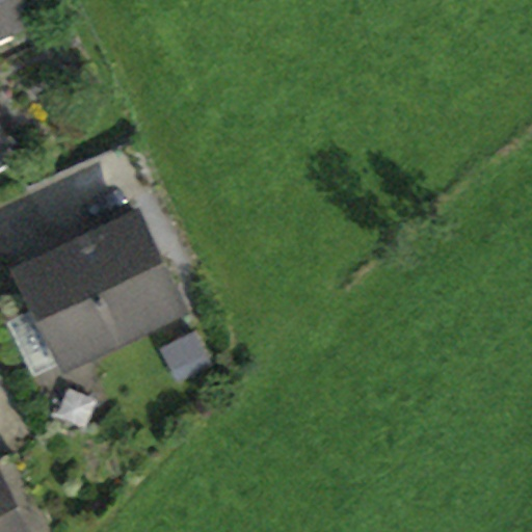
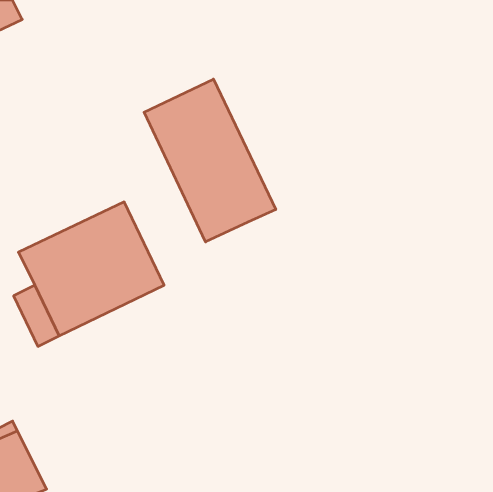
building: none -> [144,79,276,242]

